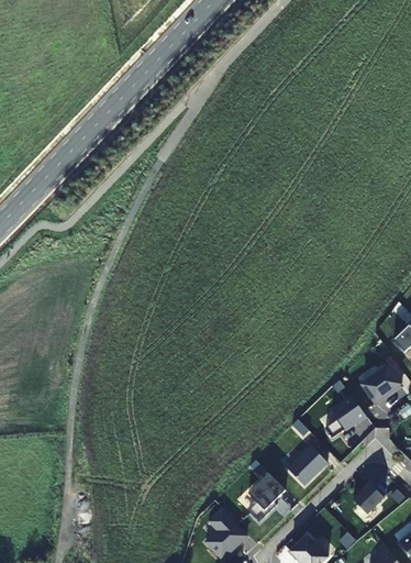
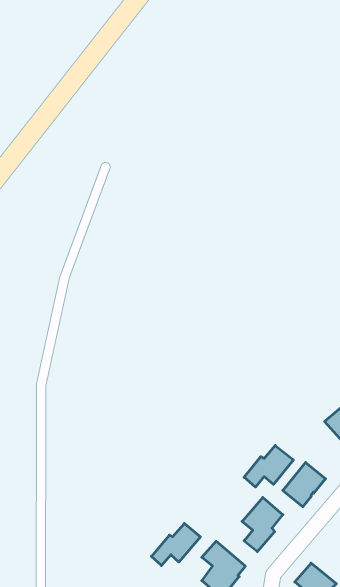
building: none -> [244,445,293,487]
building: none -> [151,523,200,566]

